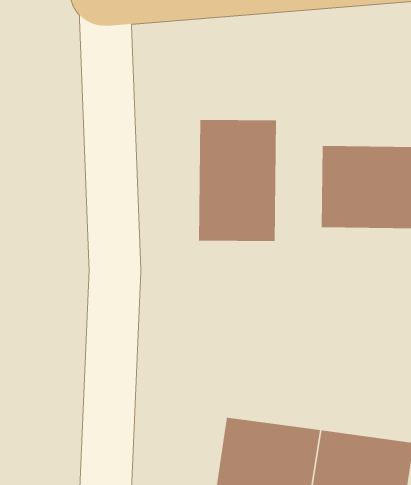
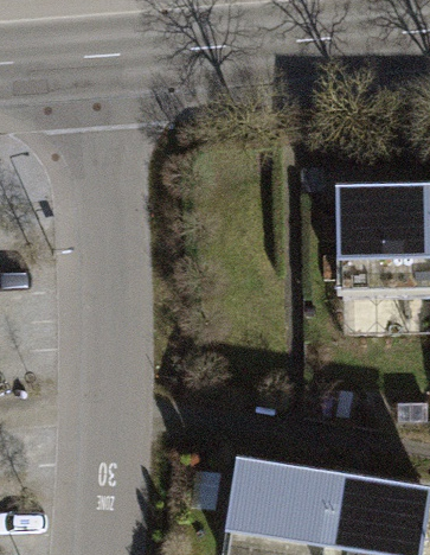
building: [199,119,277,242] -> none

